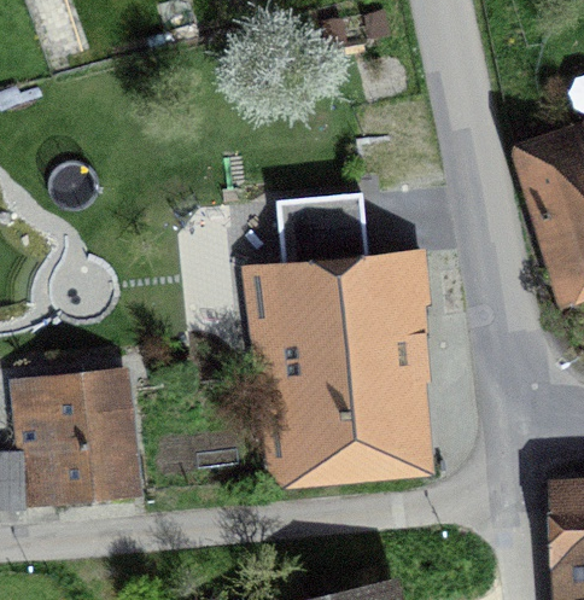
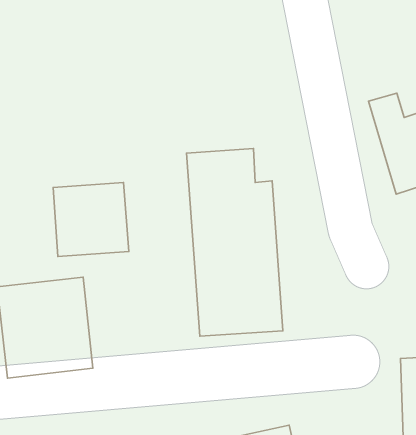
building: none -> [53,182,129,257]

